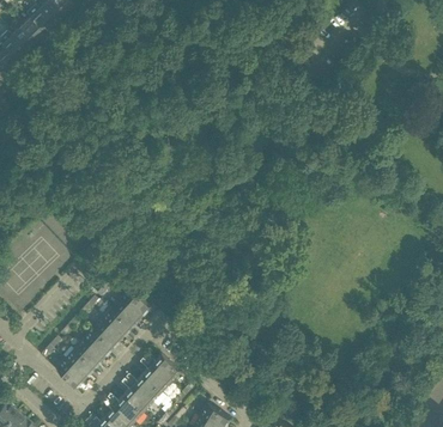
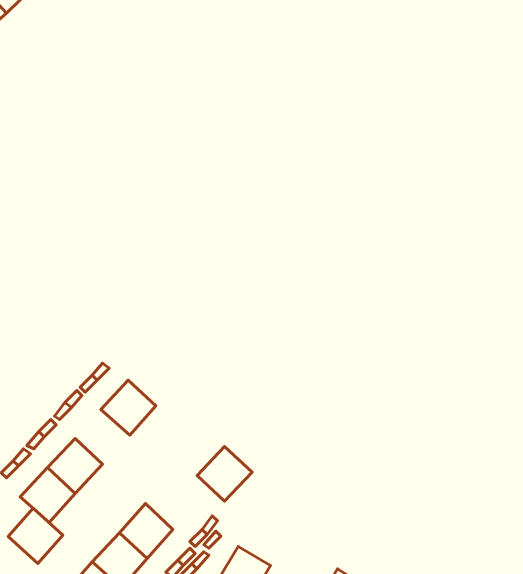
building: [93,310,132,348] -> none
building: [142,355,181,394] -> [197,446,252,501]
building: none -> [8,508,63,564]

